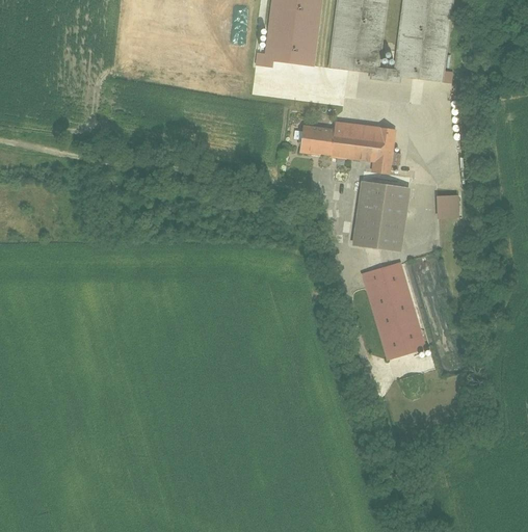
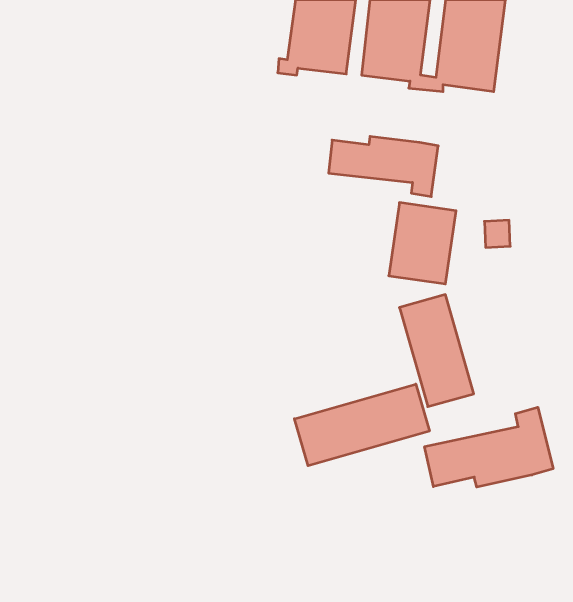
building: none -> [294,384,429,466]
building: none -> [425,407,553,487]

